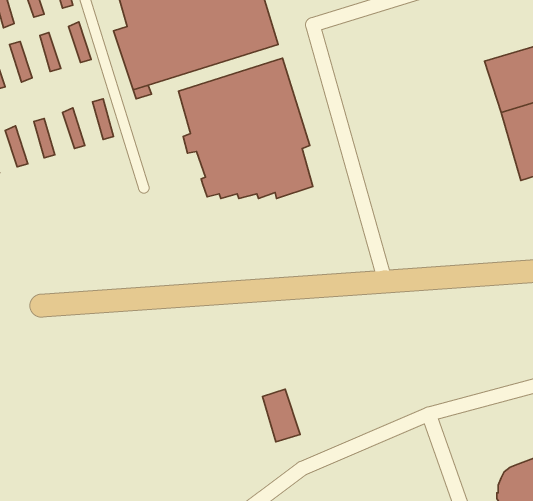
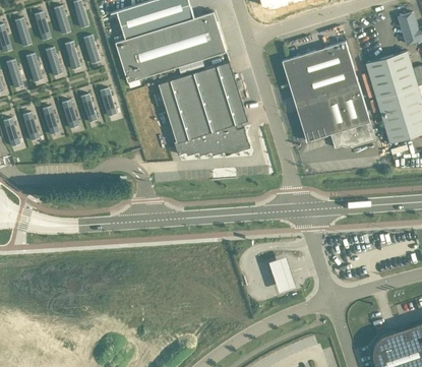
building: none -> [283,42,376,148]
building: [262,389,300,442] -> [272,261,297,297]

